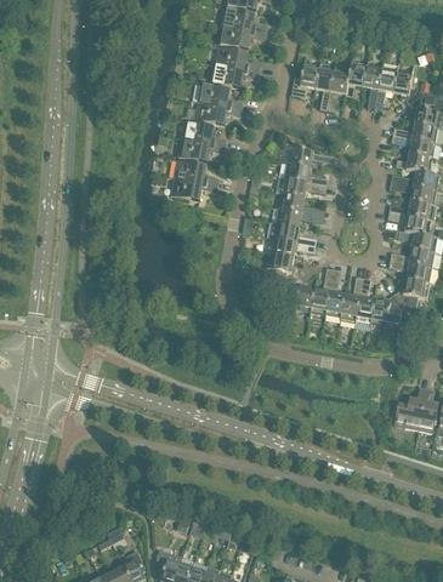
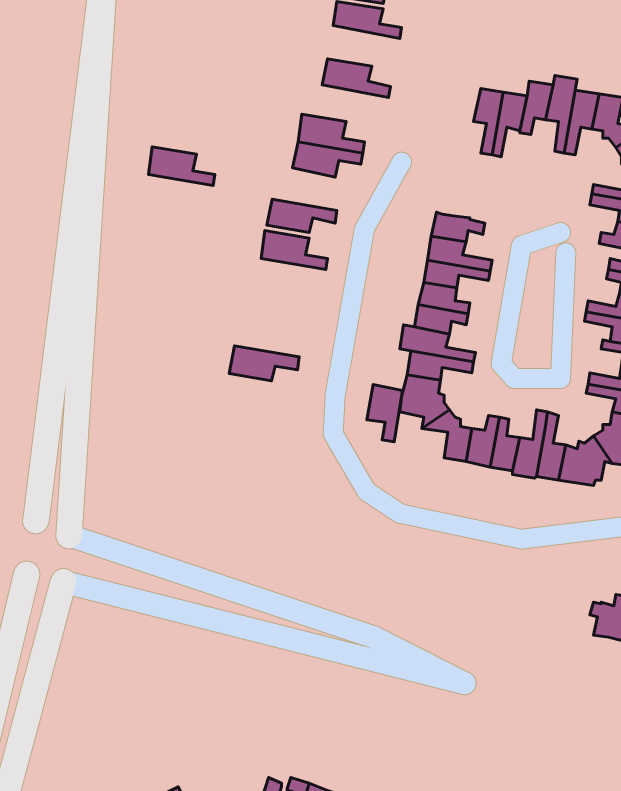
building: [220,24,266,47] -> none
building: [290,62,319,96] -> none
building: [212,63,259,86] -> none
building: [182,120,226,146] -> [148,147,215,186]
building: [171,177,217,200] -> [229,346,299,381]
building: none -> [367,385,403,442]

